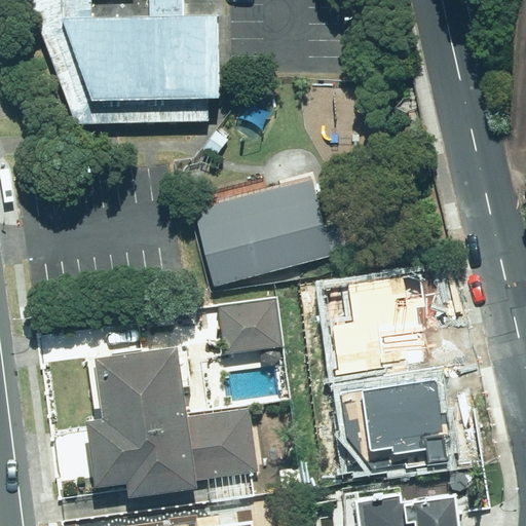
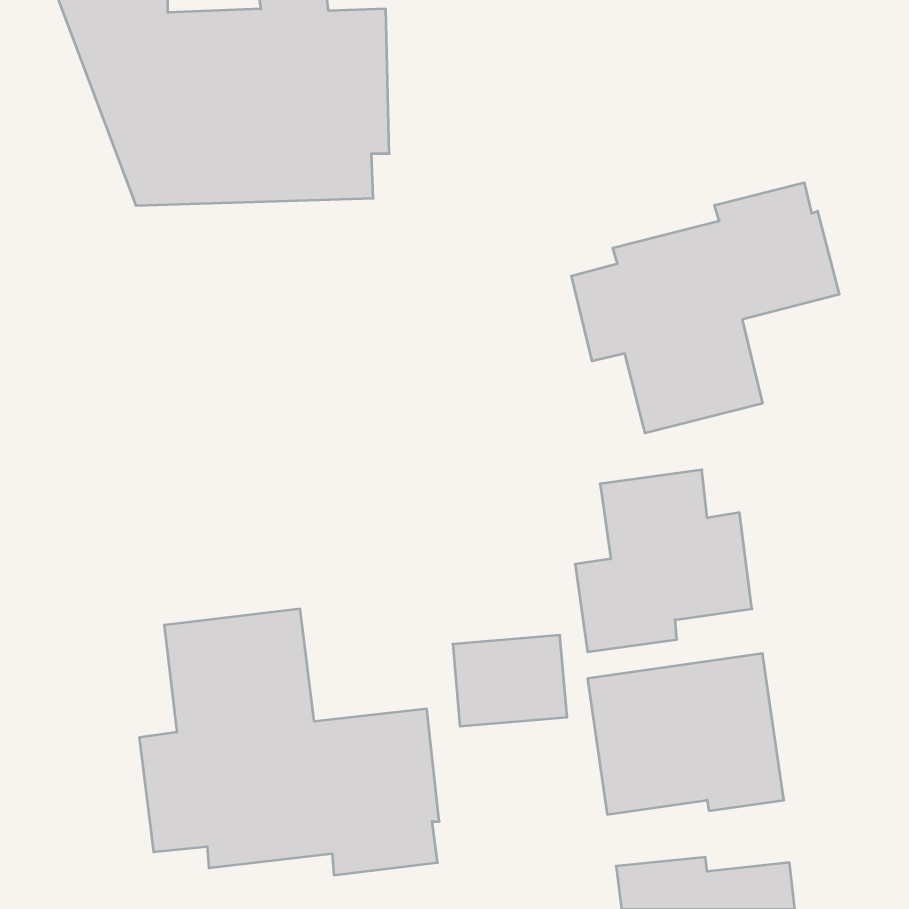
building: none -> [571,183,839,433]
building: [189,179,327,285] -> none
building: [216,300,281,352] -> [453,635,567,726]

